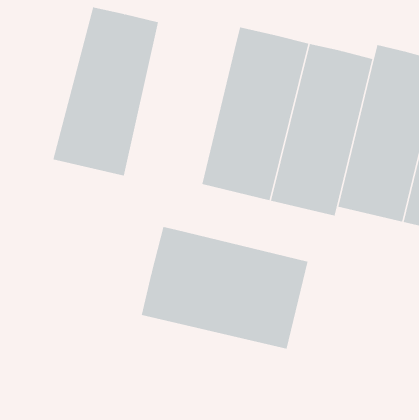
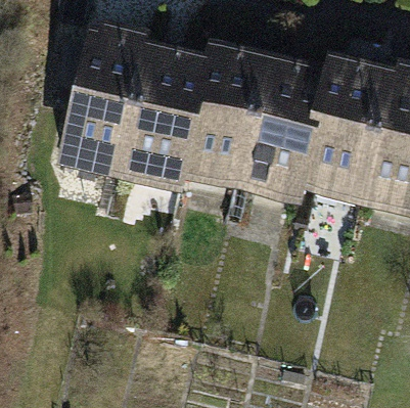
building: none -> [116,43,212,191]
building: [141,226,308,349] -> none

